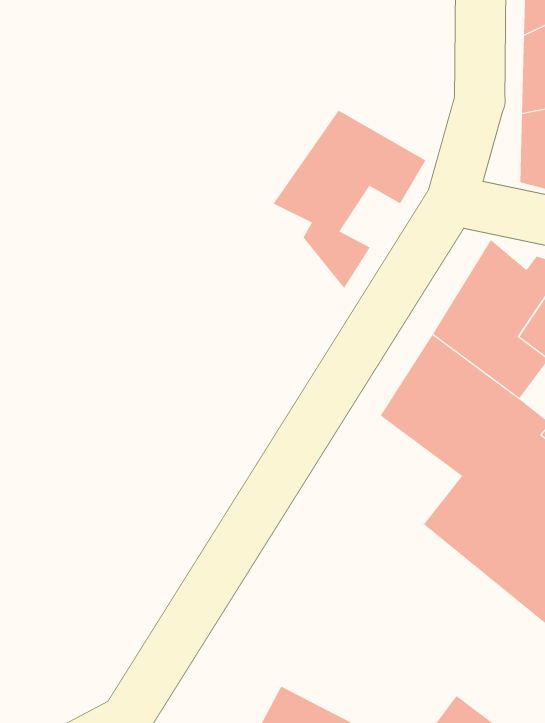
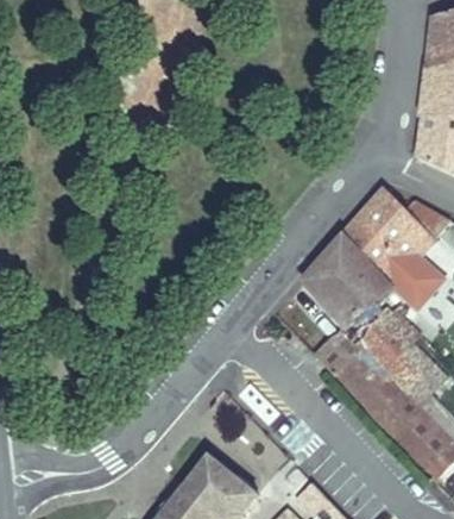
building: [273,110,426,289] -> none

